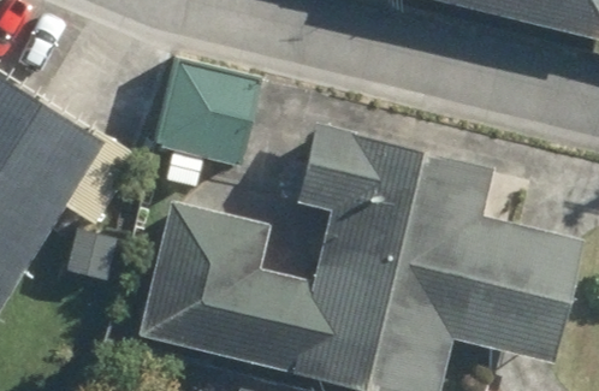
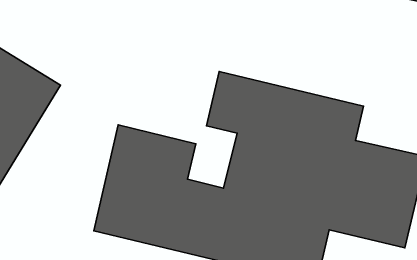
building: [155,61,269,192] -> none

